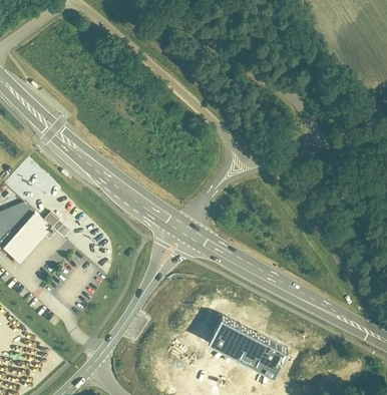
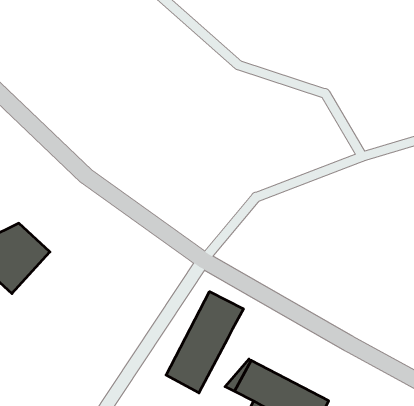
building: none -> [166,292,243,393]

